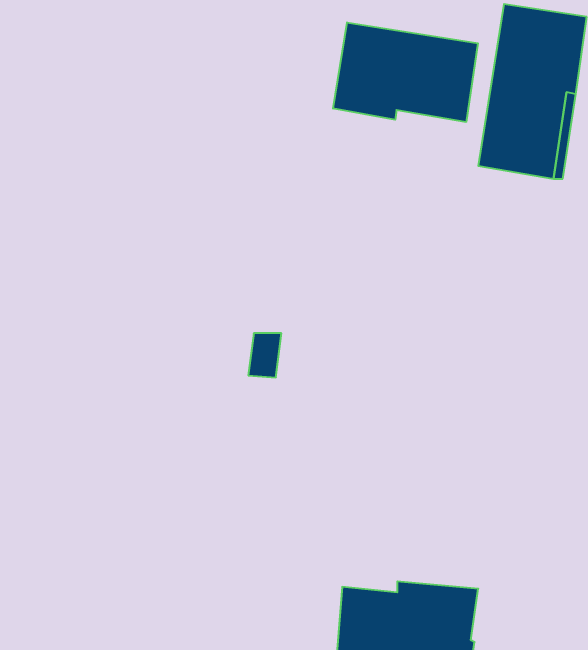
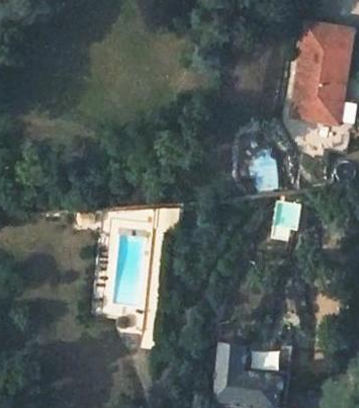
building: [333,22,478,122] -> none

